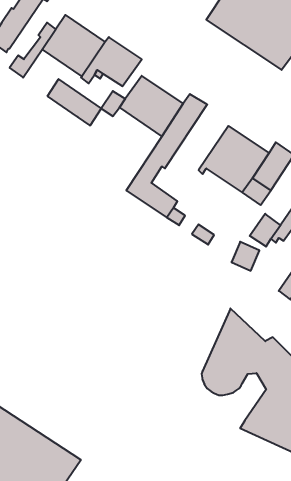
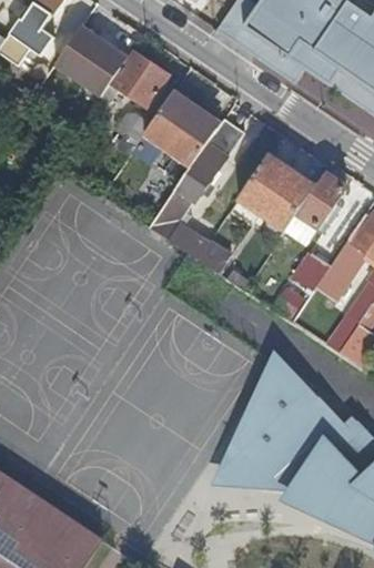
building: [48,79,101,126] -> none
building: none -> [215,435,312,491]

